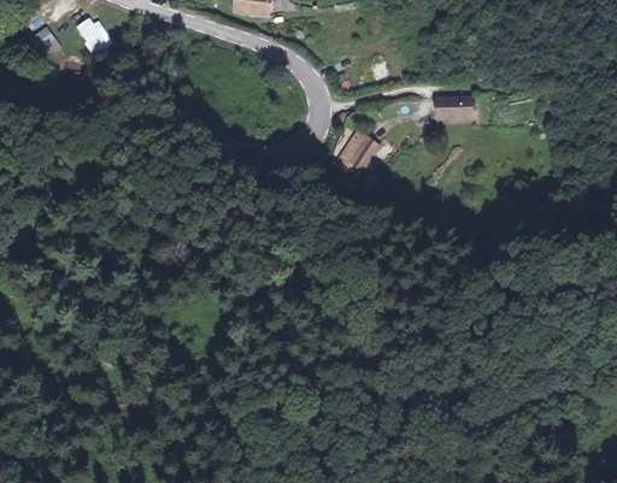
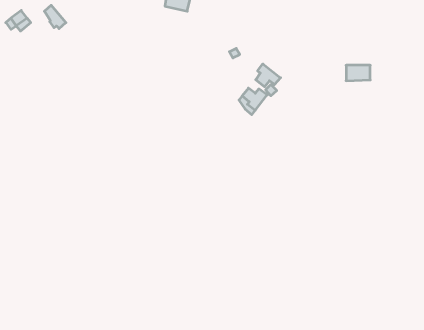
building: [443,96,477,118] -> [346,65,370,81]
building: none -> [256,64,281,87]

